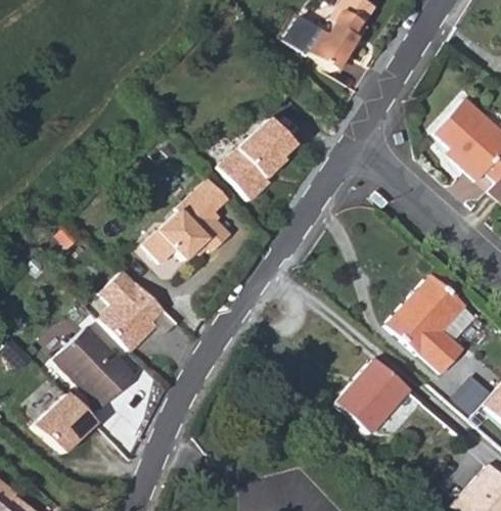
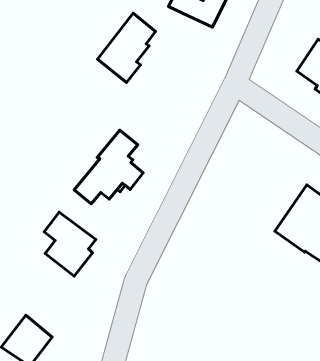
building: [221,118,295,200] -> [97,13,156,83]
building: [57,327,136,406] -> none
building: [332,356,405,430] -> none

